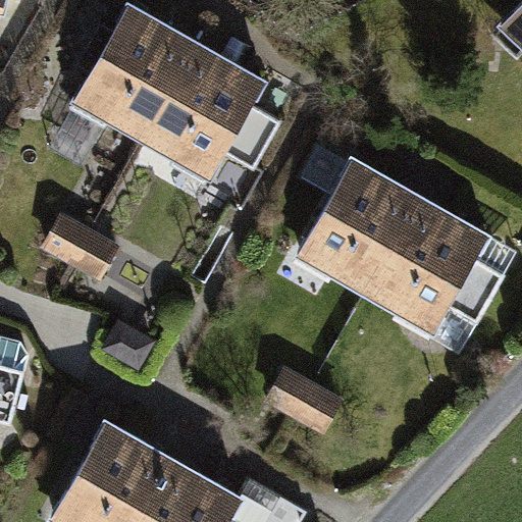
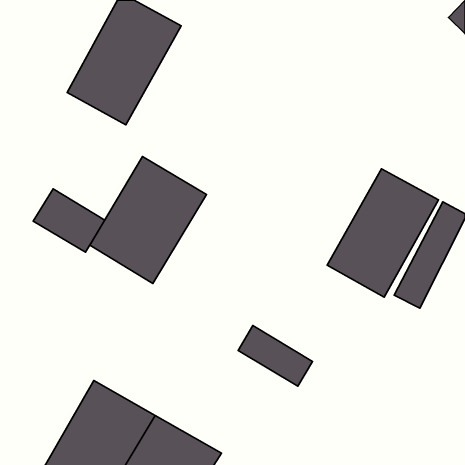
building: [140,33,272,182] -> none
building: [291,152,423,299] -> none
building: none -> [90,157,206,283]

